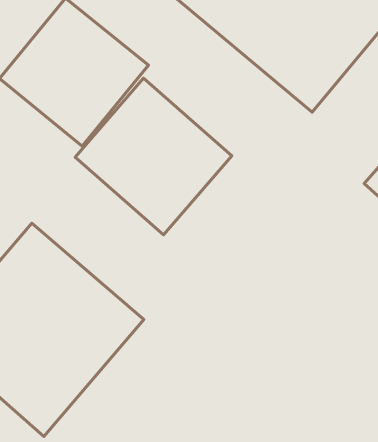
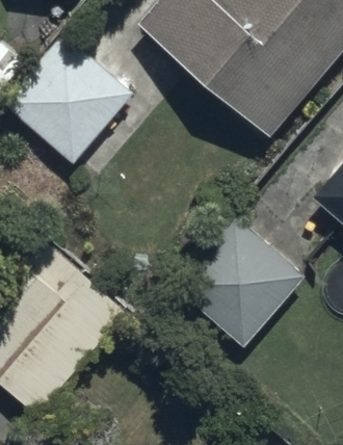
building: [75,78,232,235] -> none
building: none -> [170,215,301,346]

